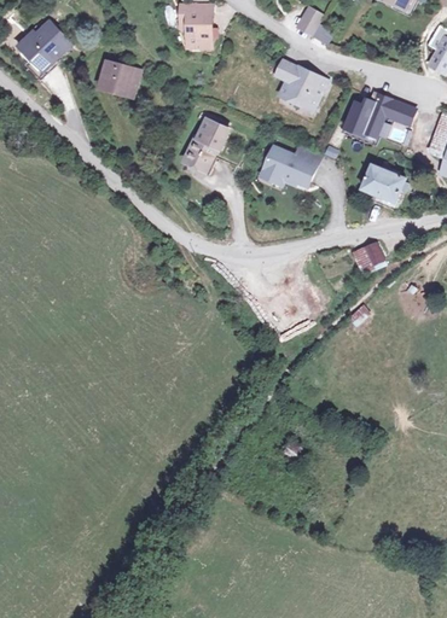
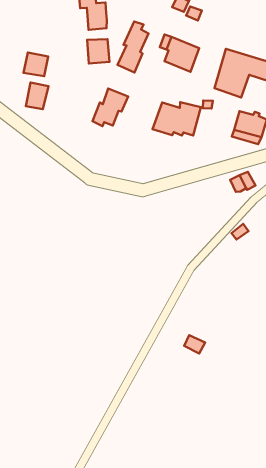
building: none -> [118,21,149,73]
building: none -> [87,39,109,63]
building: none -> [26,83,48,109]

